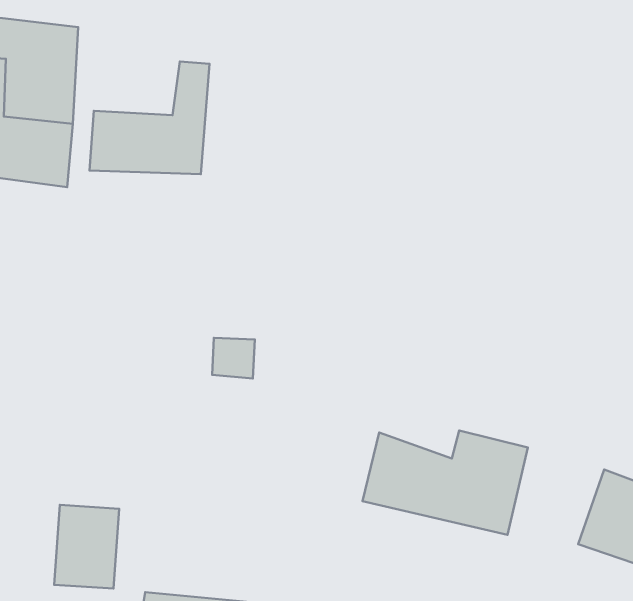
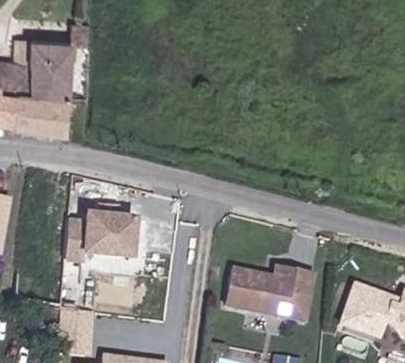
building: [90,61,209,174] -> none
building: none -> [66,204,138,255]

